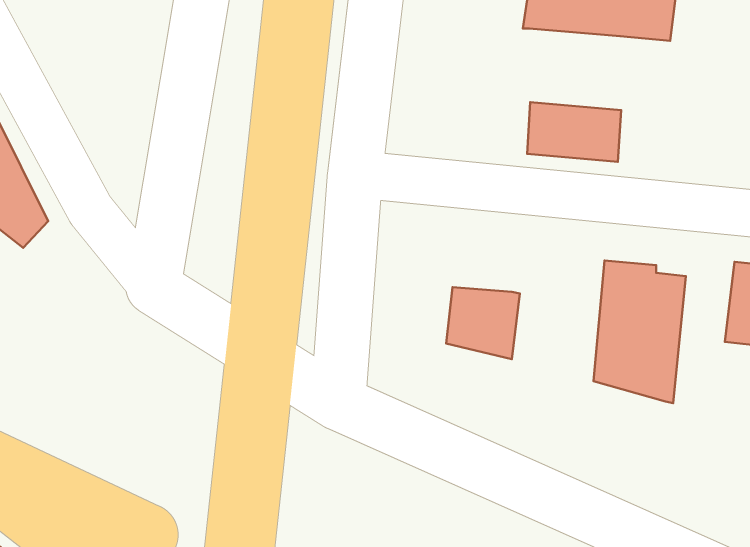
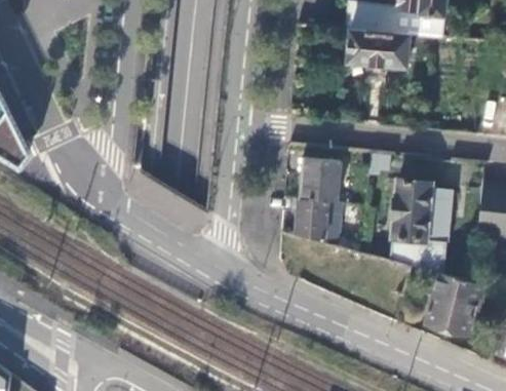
building: [527,102,621,162] -> [346,28,407,67]
building: none -> [298,157,340,200]
building: none -> [424,272,480,335]

